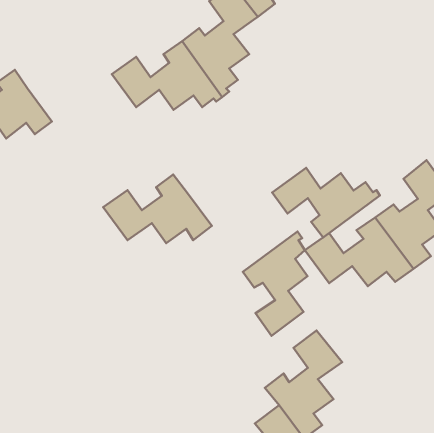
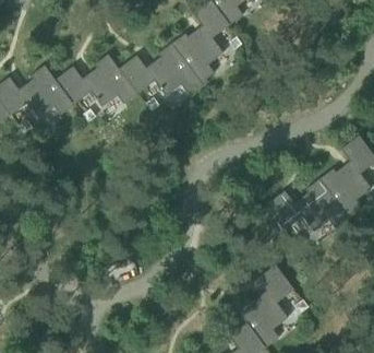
building: [272,168,380,237] -> none
building: [103,174,212,243] -> [53,55,136,107]
building: [243,231,307,336] -> none

